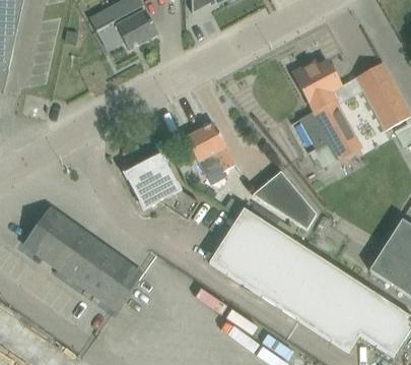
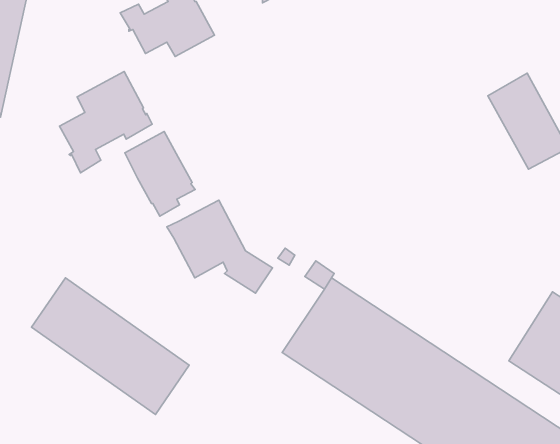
building: none -> [60,72,152,173]
building: [292,59,360,168] -> none
building: [185,121,235,182] -> [125,132,195,216]
building: [252,170,316,228] -> none

